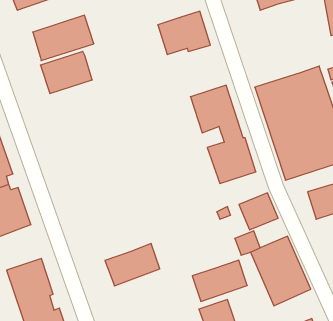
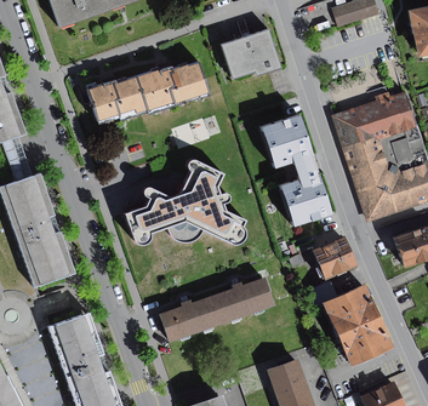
building: [33,15,94,61] -> [136,59,206,111]
building: none -> [122,159,242,244]
building: [192,260,247,301] -> [212,276,275,324]

